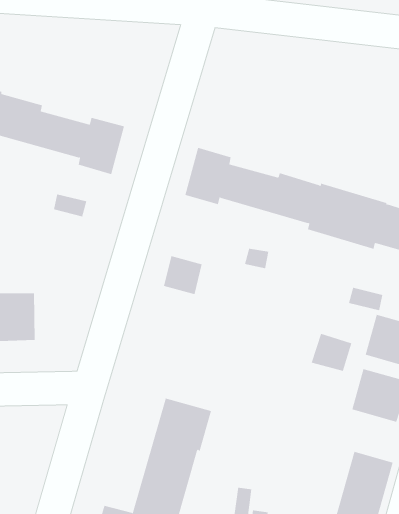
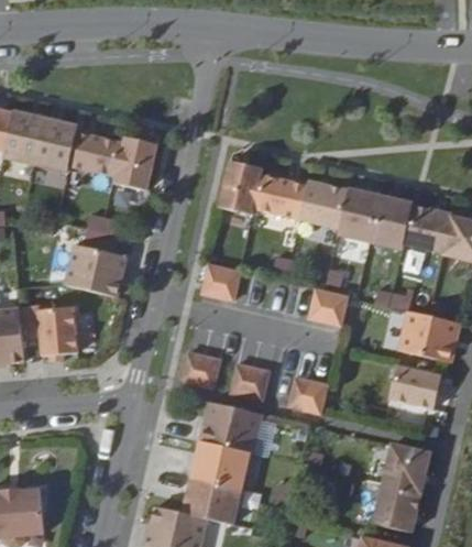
building: none -> [73,228,136,280]
building: [311,333,352,371] -> [307,288,345,324]
building: none -> [182,351,219,387]
building: none -> [231,362,268,398]
building: none -> [287,375,326,411]

